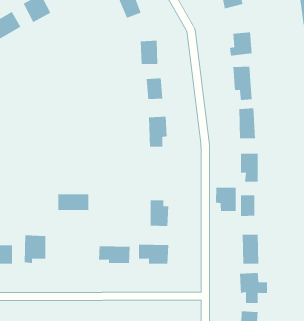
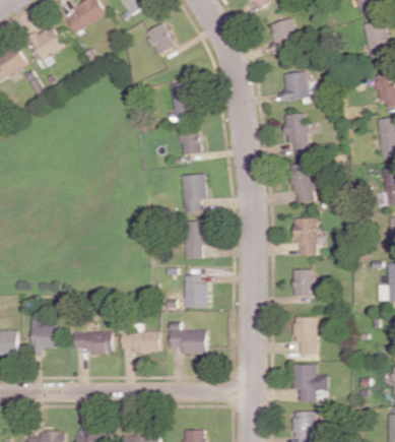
building: none -> [185,220,206,258]
building: [215,187,236,212] -> none
building: [57,194,89,211] -> [74,331,113,352]

